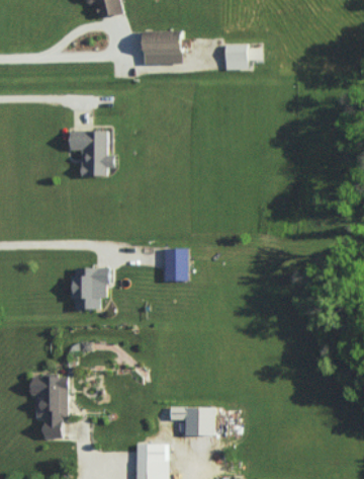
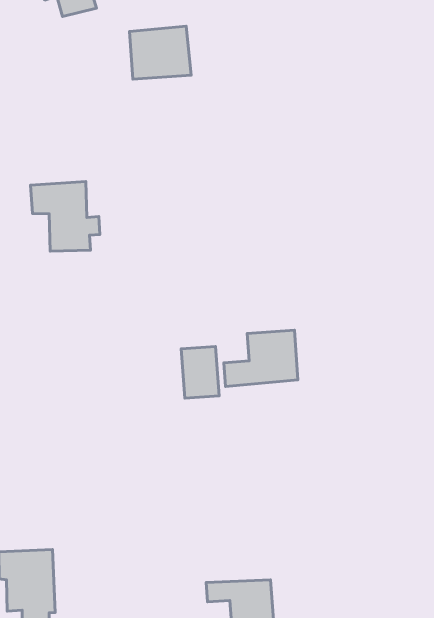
building: [224,44,247,69] -> none
building: none -> [224,330,298,387]
building: [71,266,108,309] -> none

